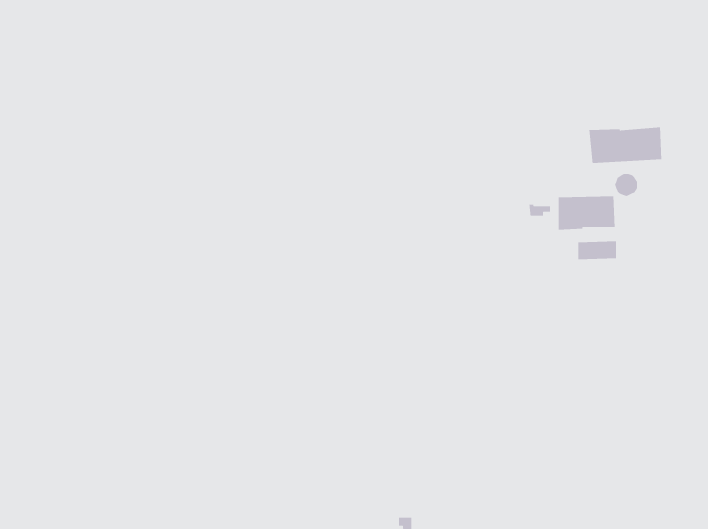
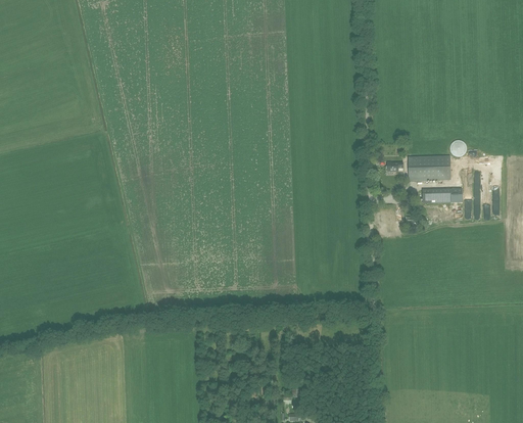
building: [588,127,662,164] -> none

